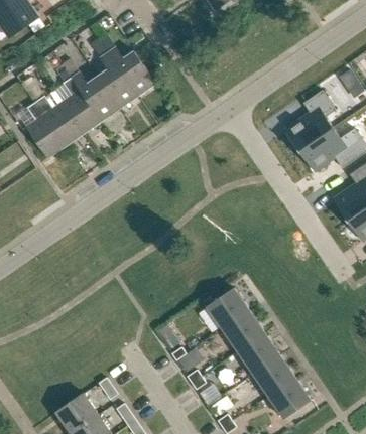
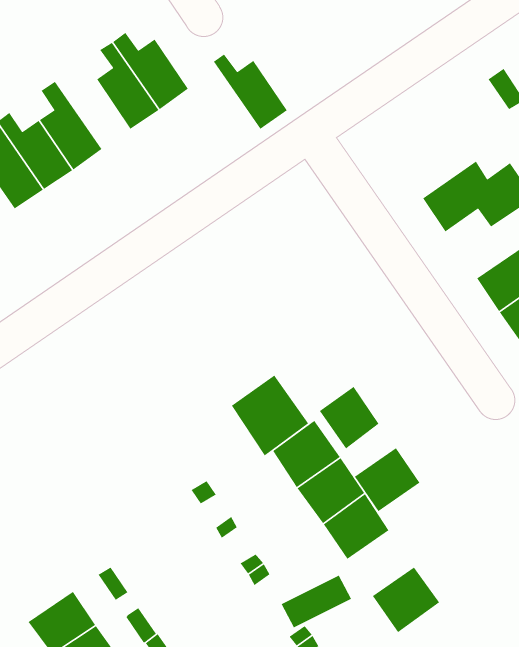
building: [72,71,118,119] -> [213,53,288,130]
building: [284,89,335,149] -> none
building: none -> [231,374,309,456]
building: none -> [319,386,380,449]
building: [252,354,293,395] -> [354,447,421,512]

